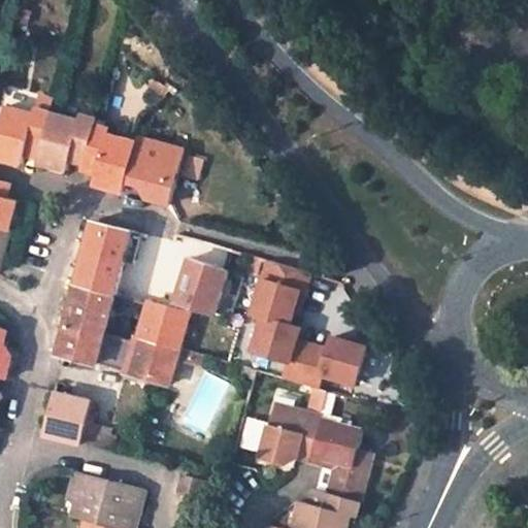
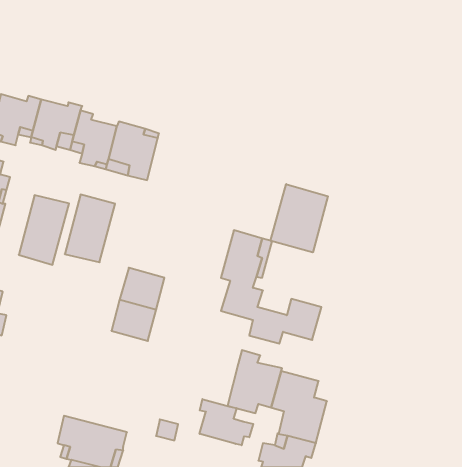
building: none -> [271,184,328,252]
building: [174,259,226,316] -> none
building: [56,287,112,365] -> [19,195,69,265]
building: [40,394,89,443] -> none
building: none -> [200,399,253,445]

